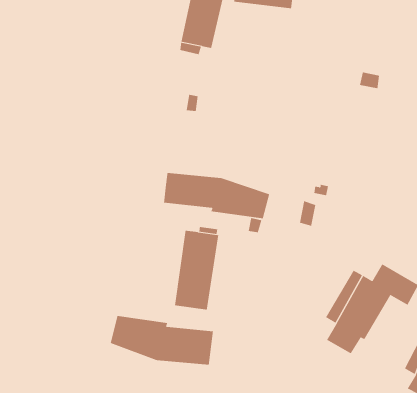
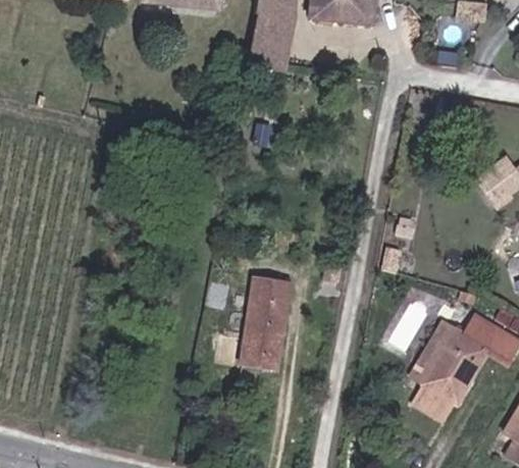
building: [163,172,270,219] -> none
building: [110,315,213,365] -> none

